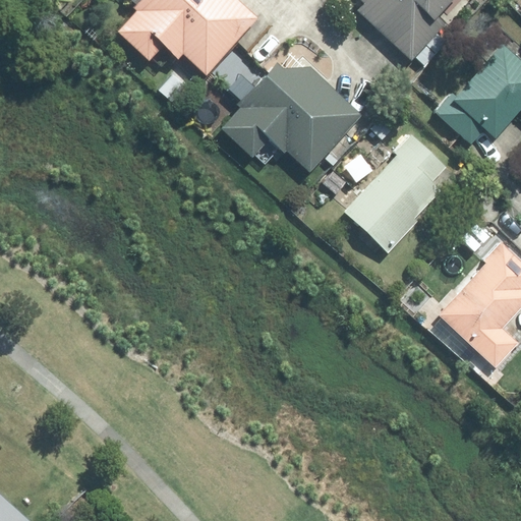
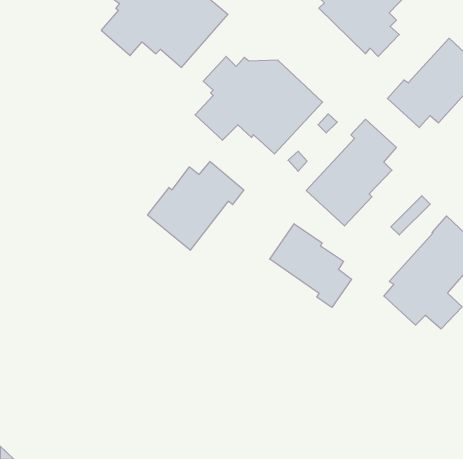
building: none -> [148,161,244,250]
building: none -> [270,224,352,307]

